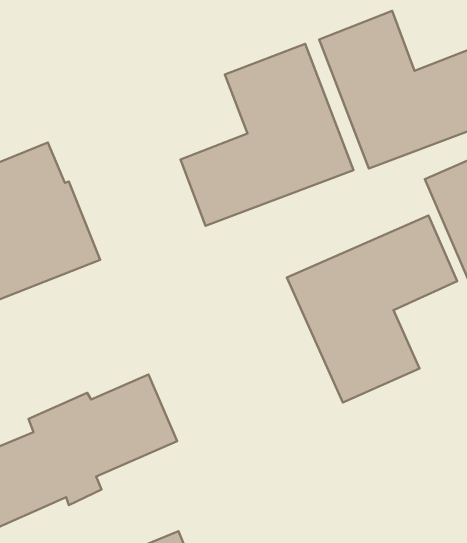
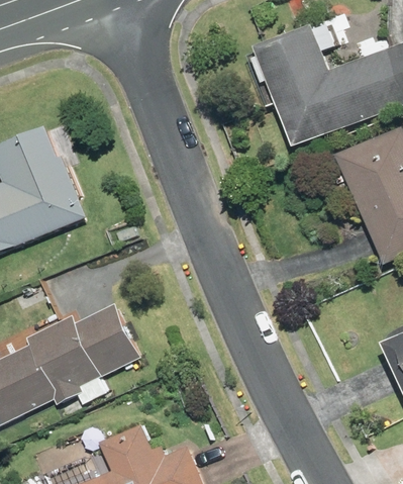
building: [181,44,354,226] -> none
building: [287,216,457,402] -> none

